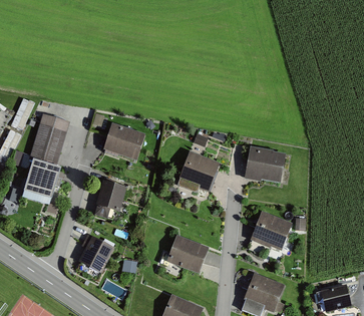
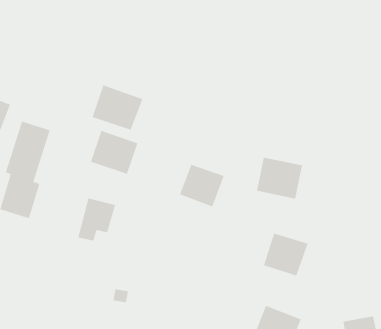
building: none -> [92,85,143,131]
building: [167,236,208,273] -> none
building: [75,238,111,280] -> none

